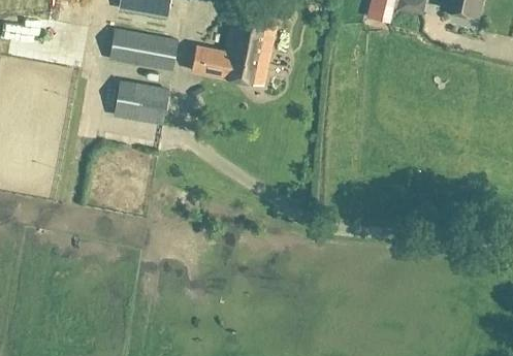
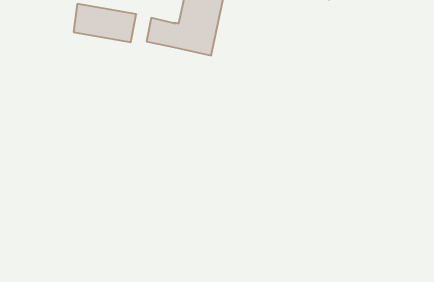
building: [116,79,170,125] -> none

